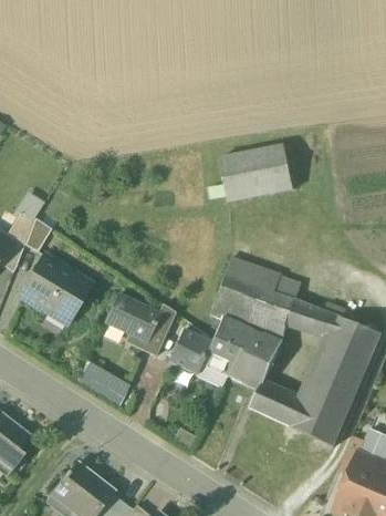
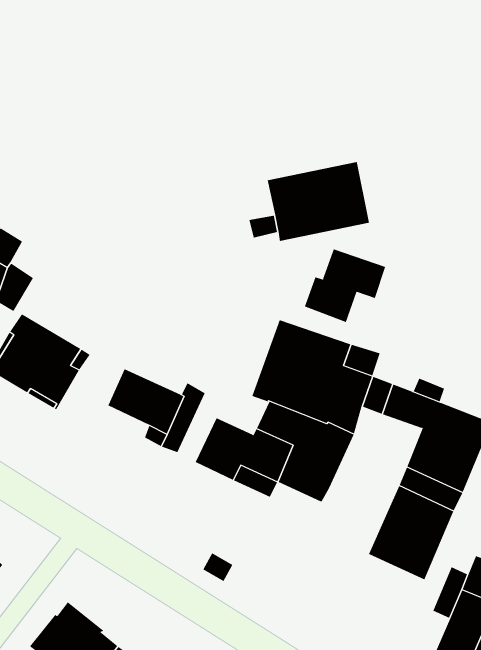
building: none -> [304,249,386,323]
building: [77,359,128,404] -> none
building: [249,380,305,427] -> none

